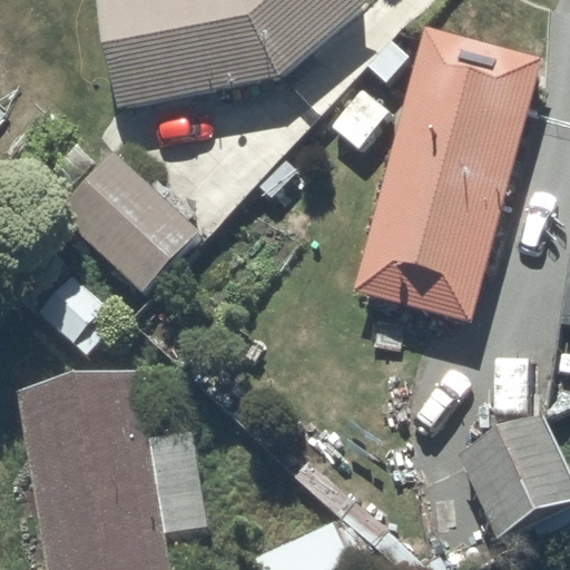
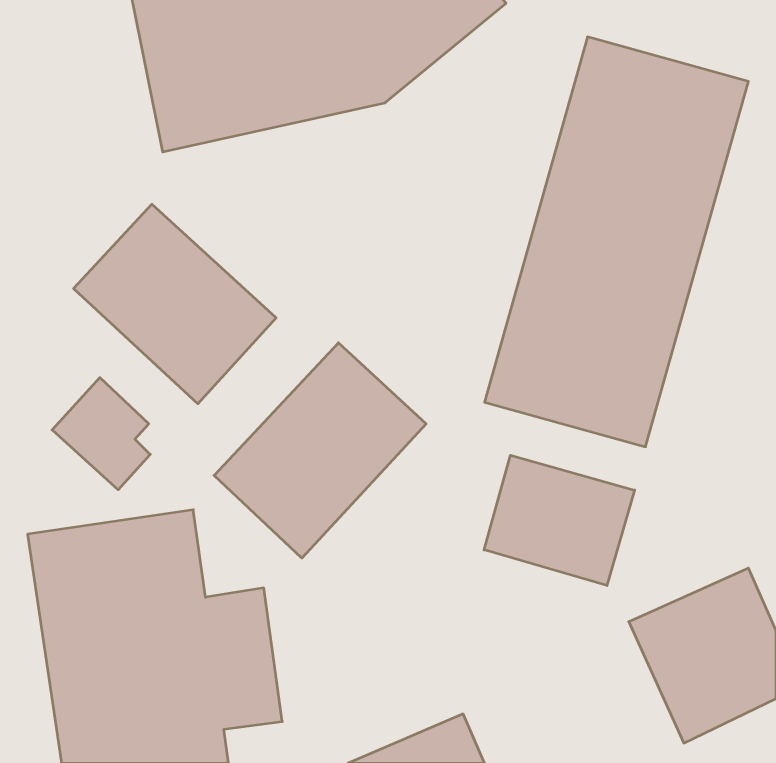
building: none -> [214,343,426,558]
building: none -> [484,455,635,586]

